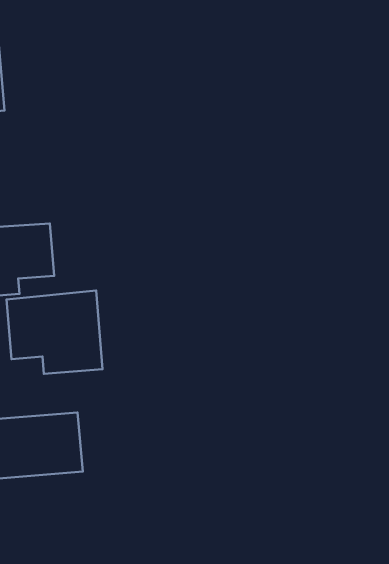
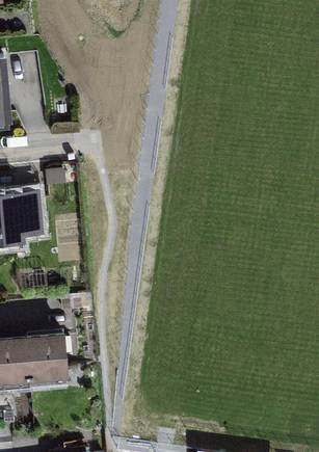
building: [7,291,103,374] -> none

